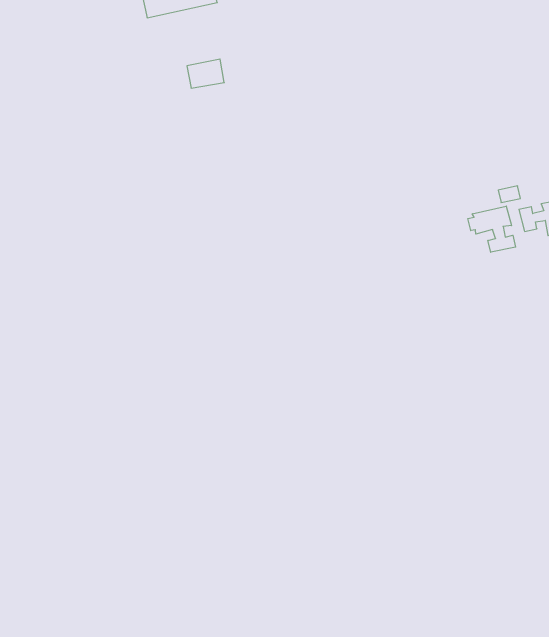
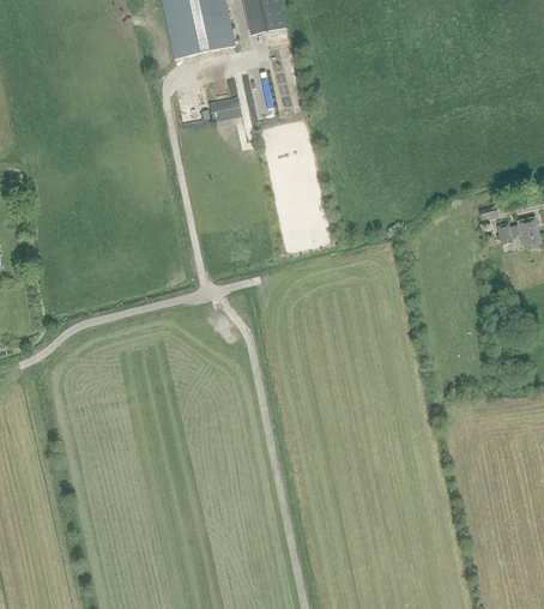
building: [468,206,516,252] -> none

